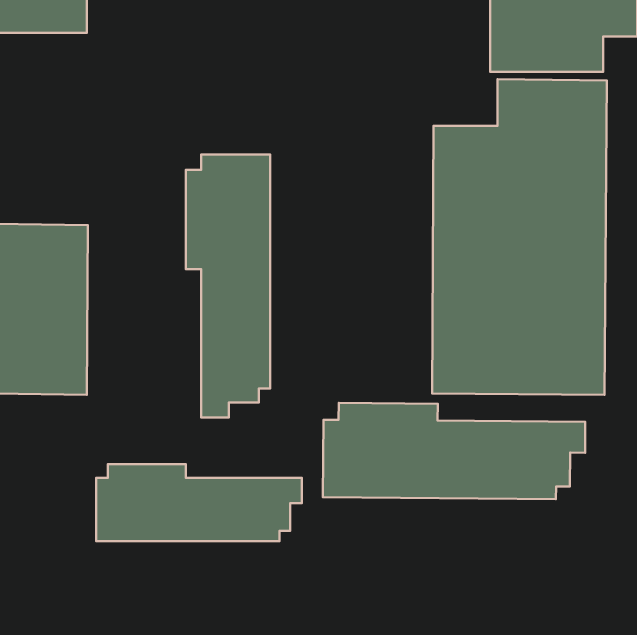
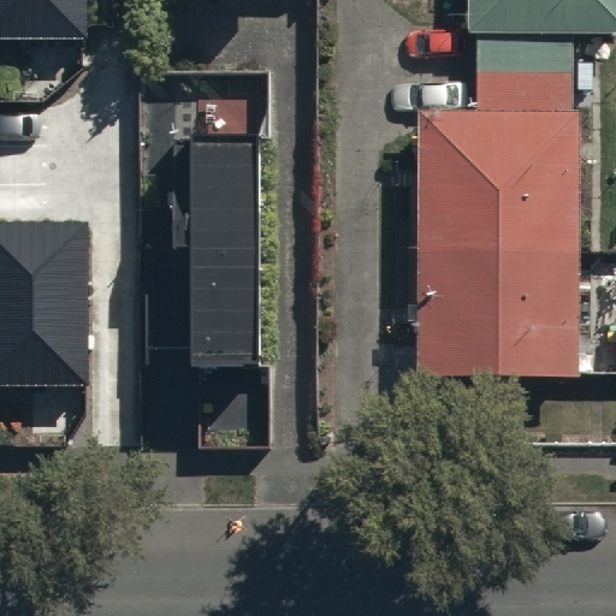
building: [323,403,585,499] -> none
building: [96,464,302,541] -> none

